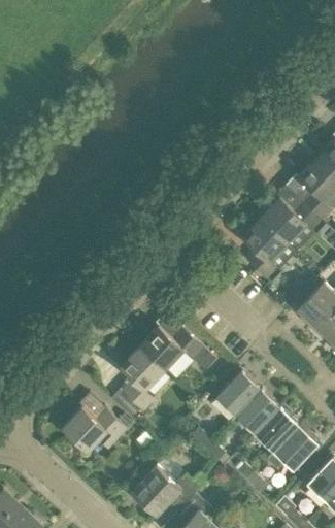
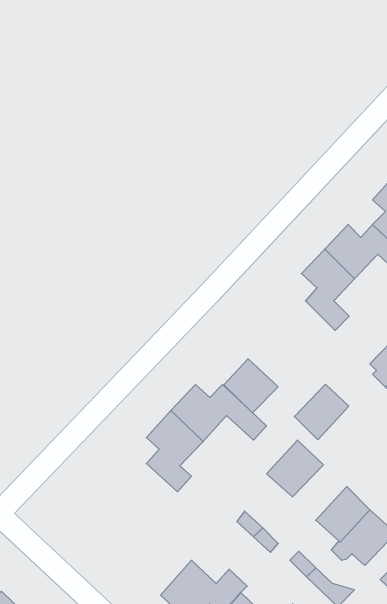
building: none -> [224,359,278,413]
building: [235,390,278,434] -> [294,384,349,440]
building: [61,406,132,452] -> none

